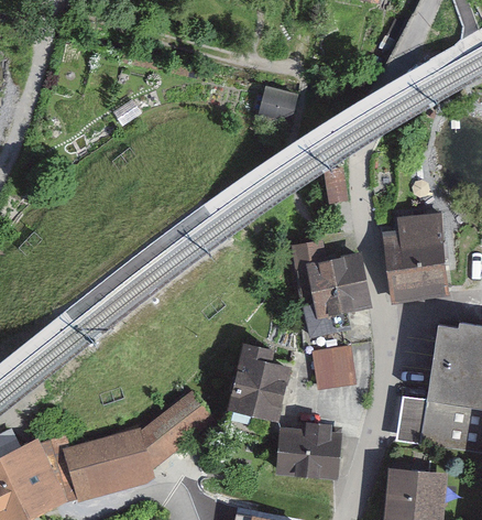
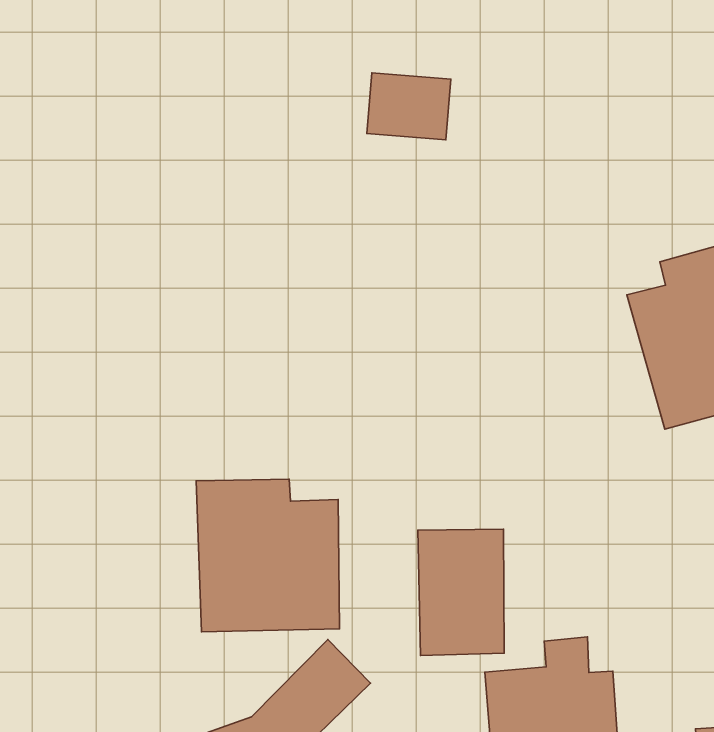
building: [295,240,375,335] -> none
building: none -> [196,479,340,632]
building: [314,346,354,391] -> none

